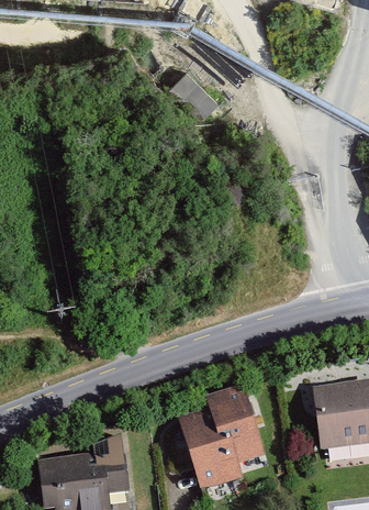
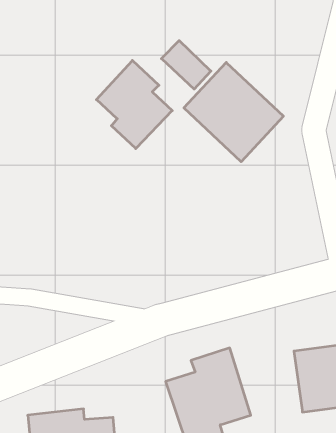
building: none -> [96,60,172,149]
building: none -> [184,62,283,162]

